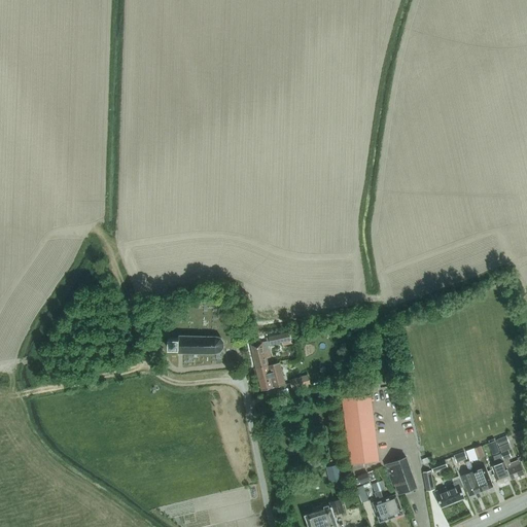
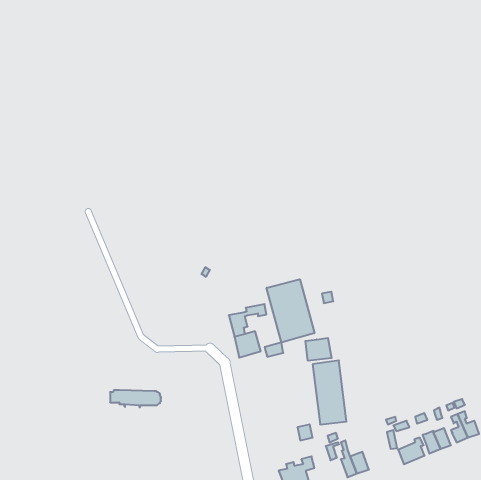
building: none -> [267,279,314,343]
building: [168,337,223,355] -> [110,390,161,407]
building: none -> [305,338,332,361]
building: [385,458,417,495] -> none

